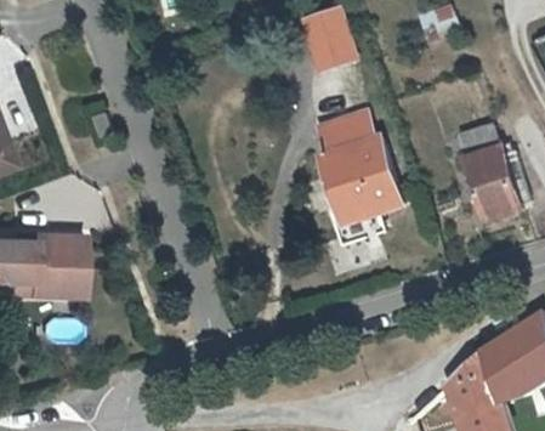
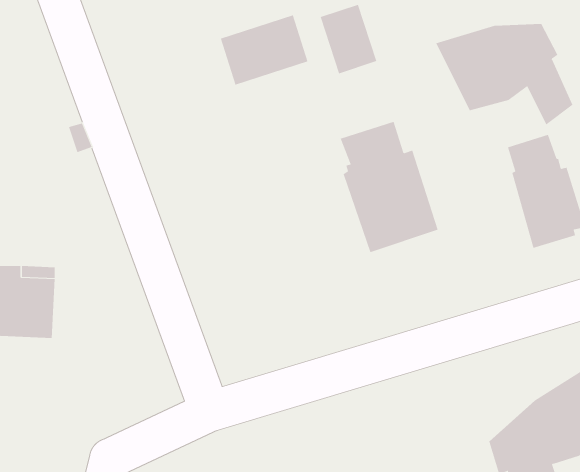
building: none -> [220,14,308,85]
building: none -> [435,23,573,126]

